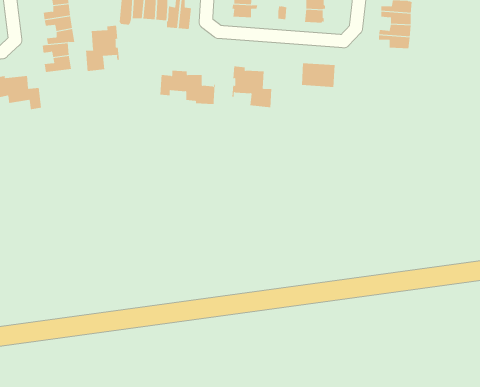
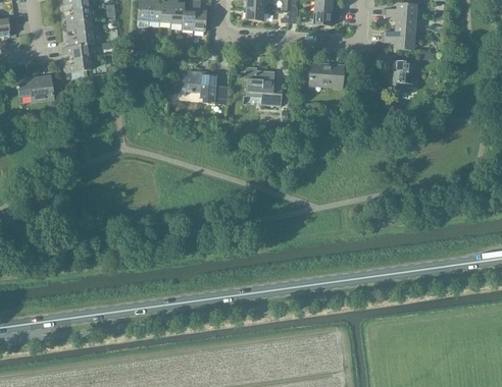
building: [86,25,119,72] -> none
building: none -> [389,60,412,93]

